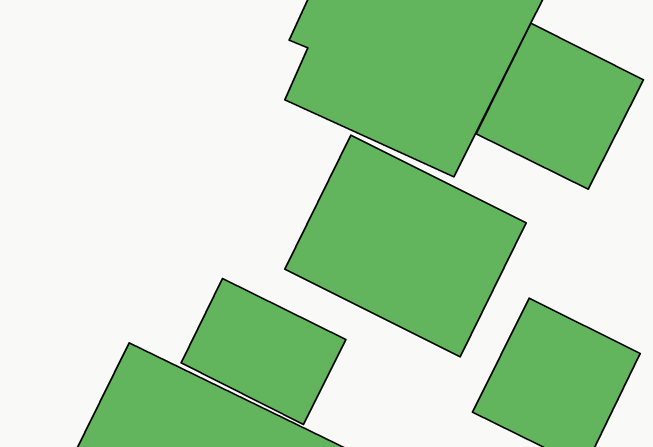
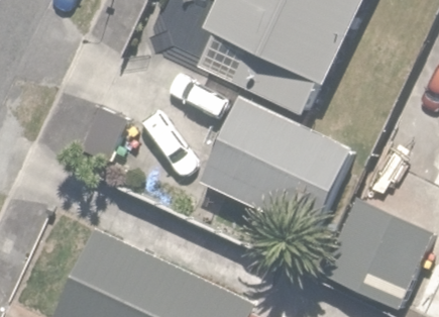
building: [476,23,644,189] -> none
building: [181,279,346,425] -> none

